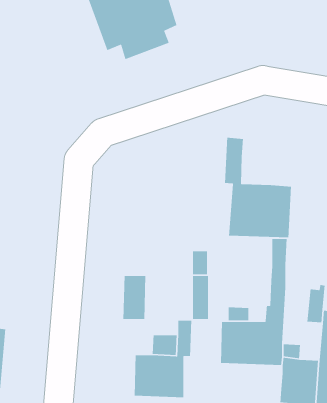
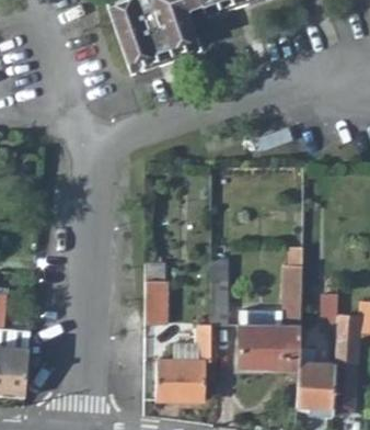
building: [224,137,292,238] -> none

